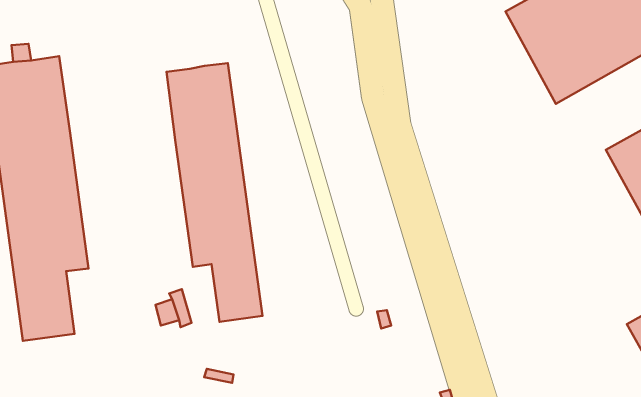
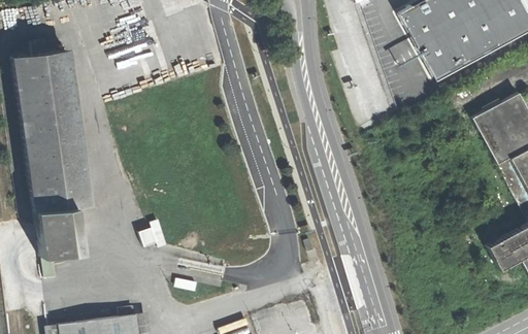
building: [166,63,262,322] -> none

